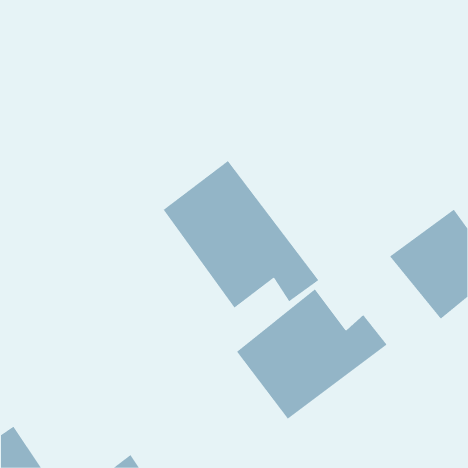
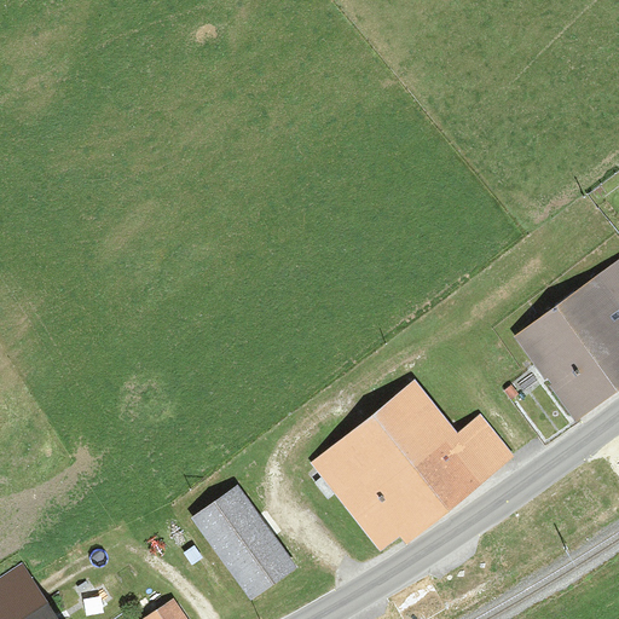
building: [163,160,319,308] -> none
building: none -> [193,485,299,601]

